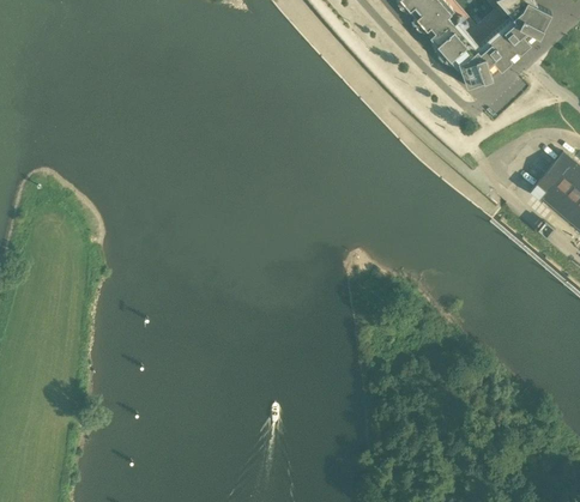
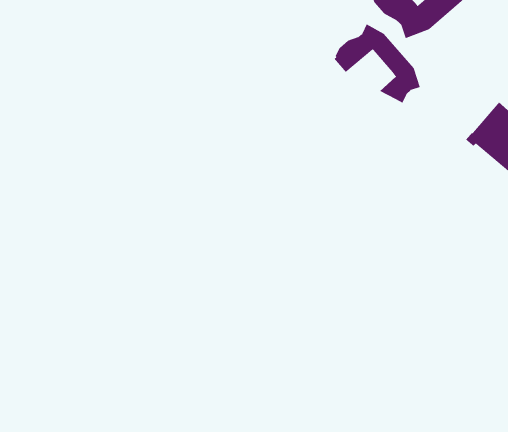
building: none -> [334,24,420,103]

